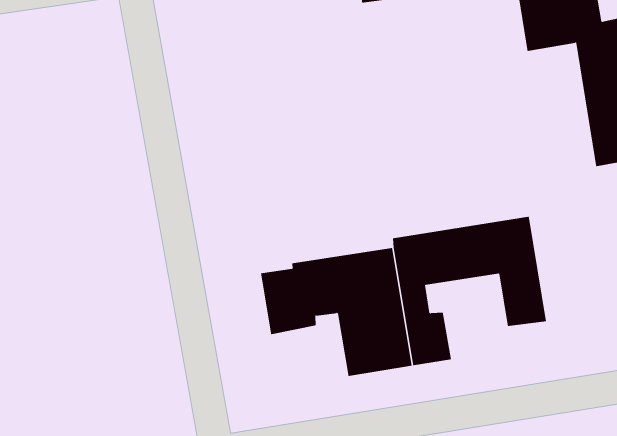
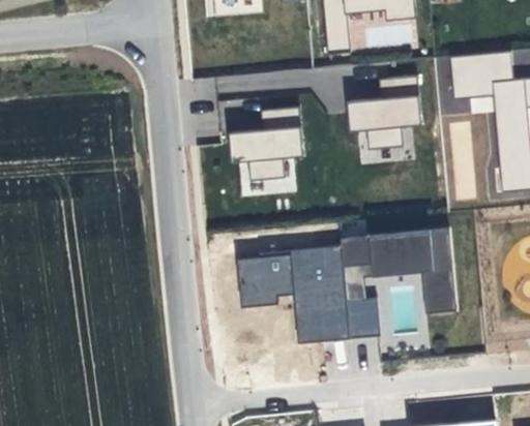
building: none -> [348,79,421,150]
building: none -> [230,109,303,180]

